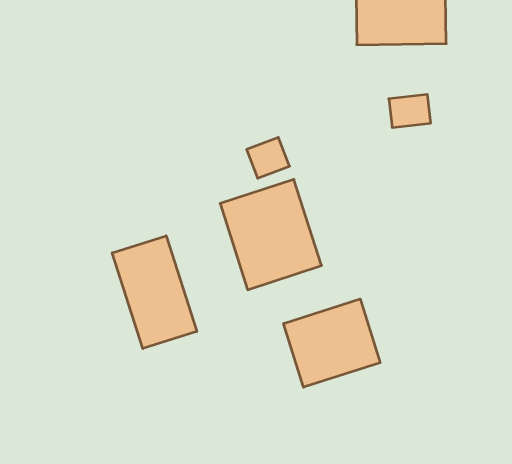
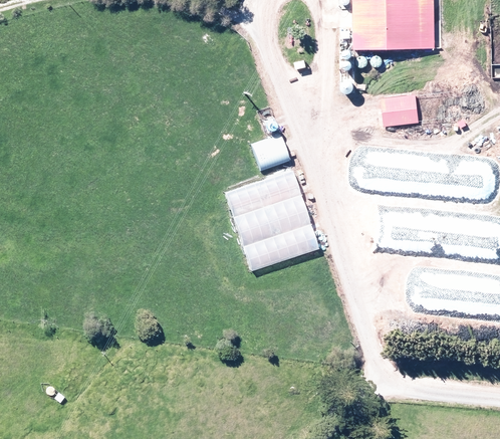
building: [112,236,197,349] -> none
building: [284,299,380,387] -> none

